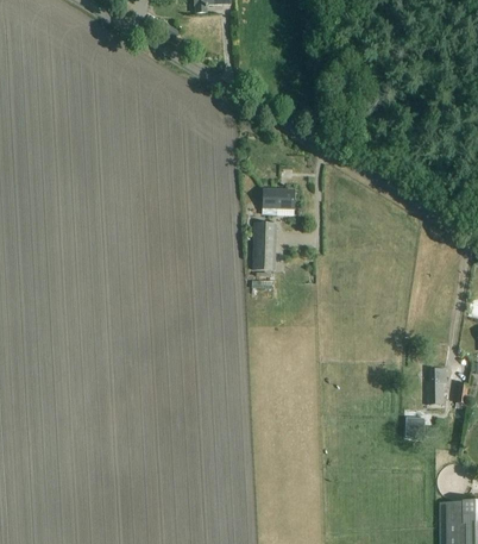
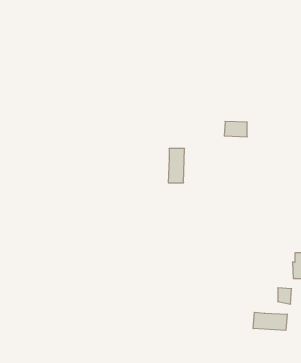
building: [263,188,295,210] -> [224,121,247,137]
building: none -> [253,312,287,330]

